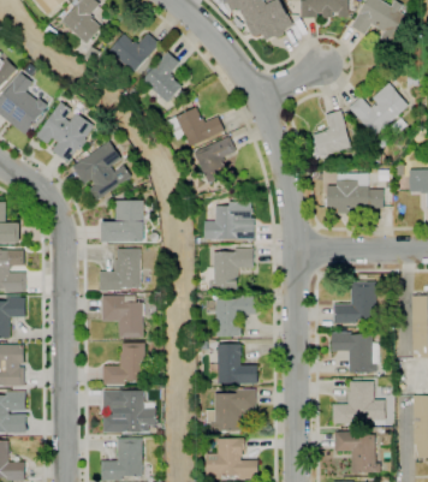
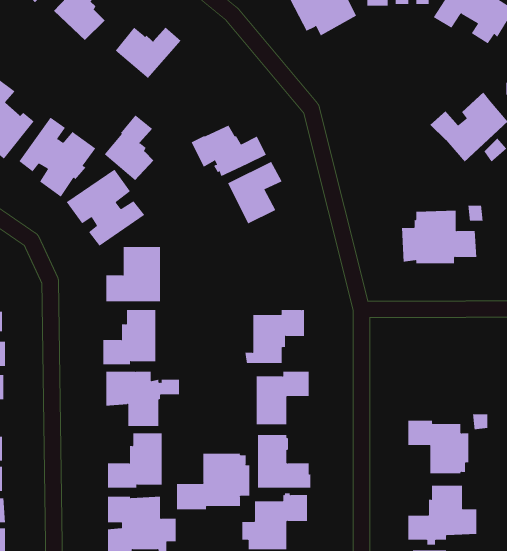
building: [142,52,180,102] -> [104,115,154,181]
building: [311,111,351,157] -> none
building: [204,201,254,240] -> none
building: [333,282,375,323] -> none
building: none -> [177,453,250,510]

